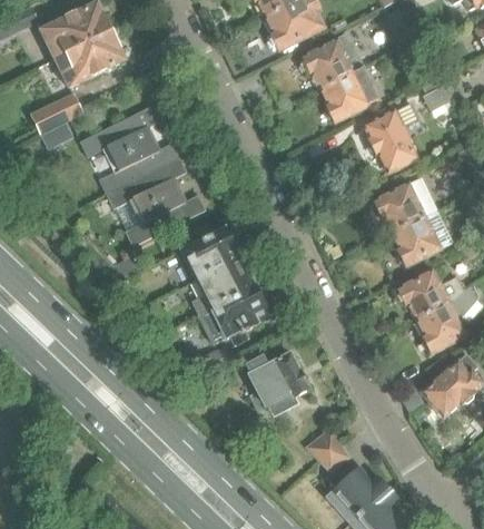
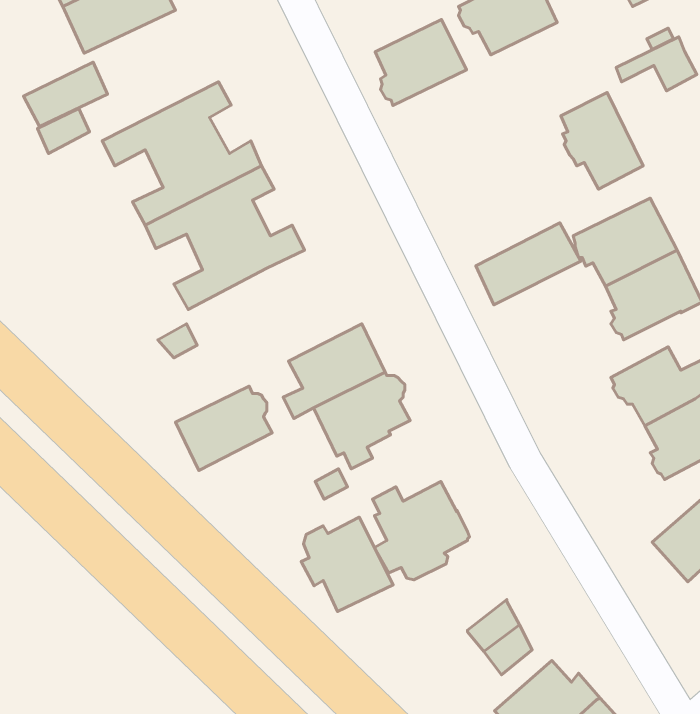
building: [322,67,378,120] -> [375,20,466,106]
building: none -> [476,223,581,305]
building: [181,225,241,277] -> [176,386,272,470]
building: none -> [301,517,393,612]

